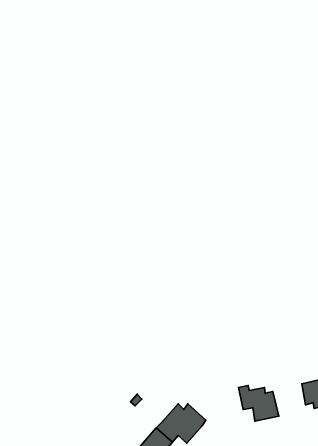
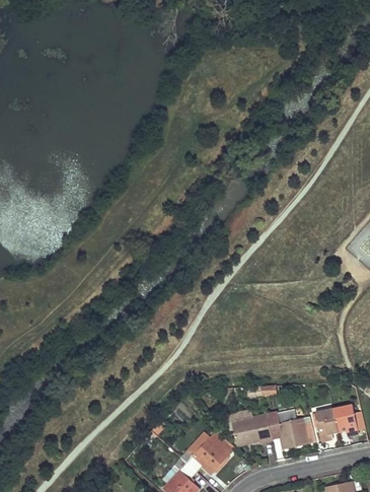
building: none -> [314,410,338,441]
building: none -> [231,414,272,443]

